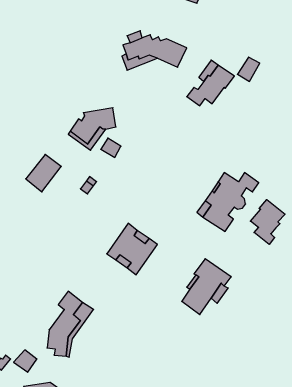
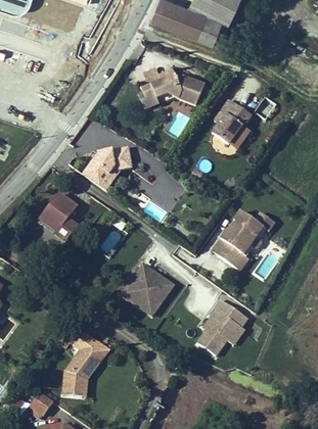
building: [250,200,285,244] -> none

